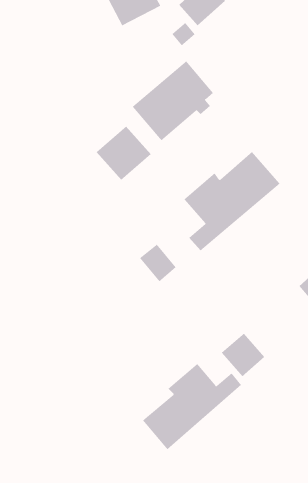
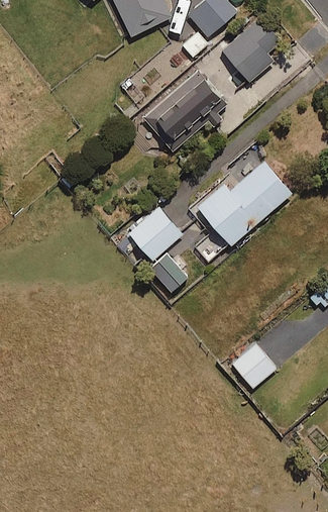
building: none -> [222,16,283,82]
building: [96,126,151,180] -> [127,206,183,261]
building: [142,363,242,450] -> none

